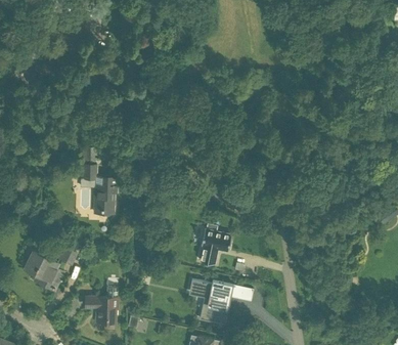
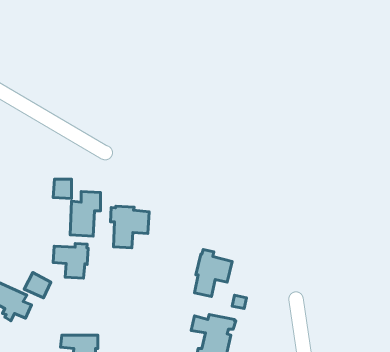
building: none -> [110,206,149,248]
building: none -> [53,243,88,278]

